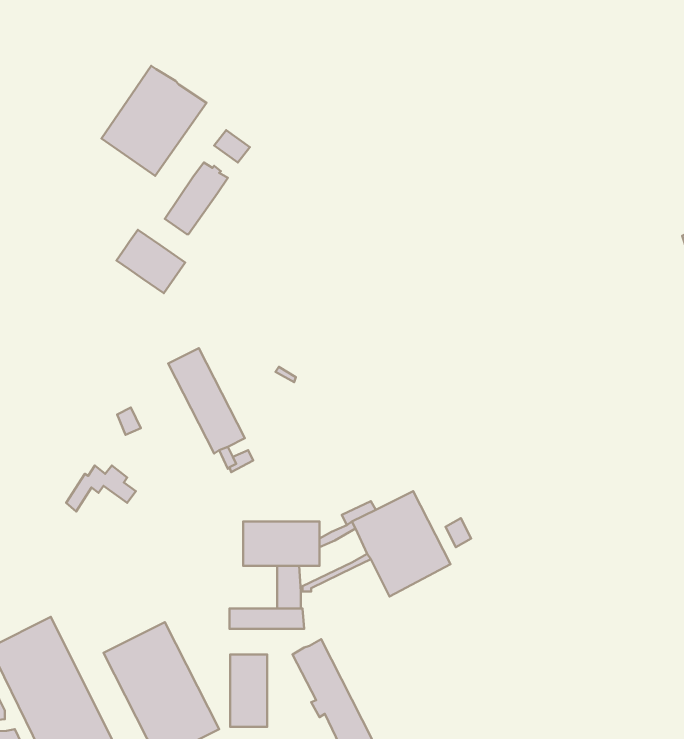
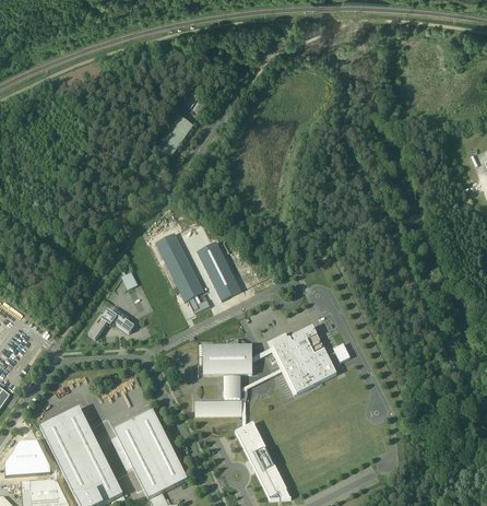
building: [101,66,206,176] -> none
building: [116,230,185,293] -> none
building: none -> [198,242,240,301]
building: [230,654,267,727] -> none

